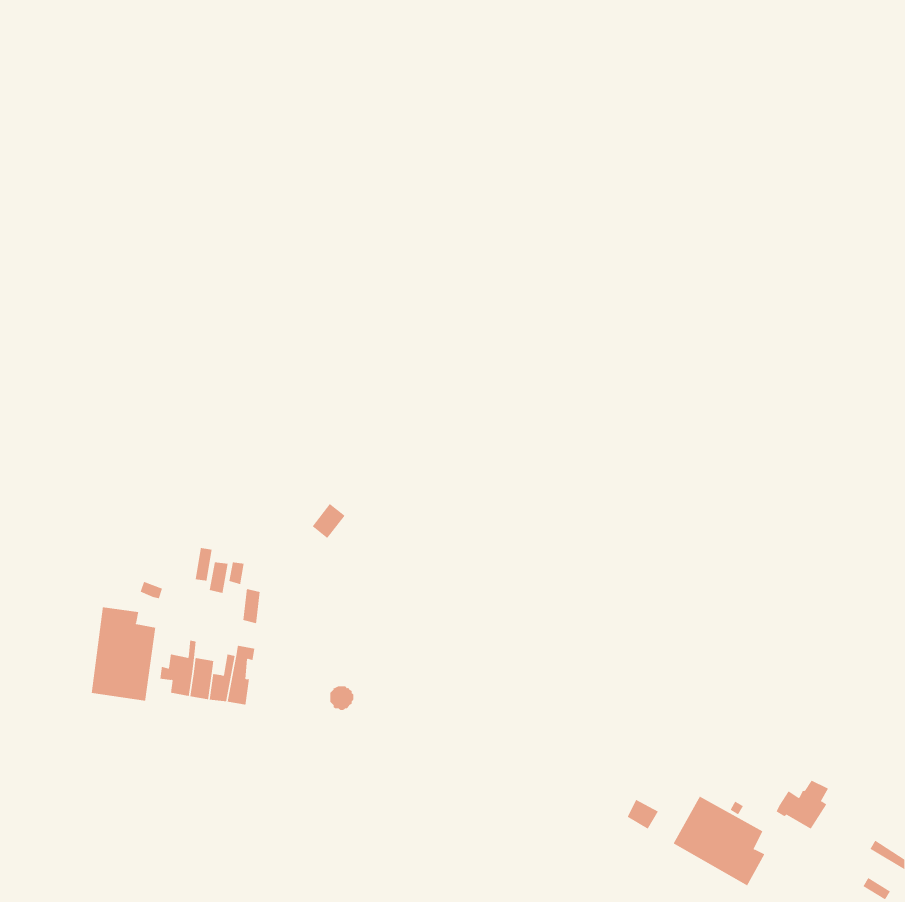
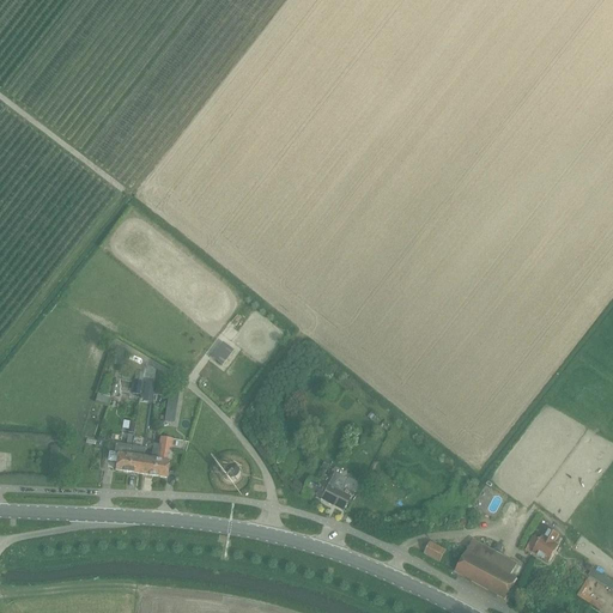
building: [91,606,156,701] -> none
building: none -> [321,473,350,509]

